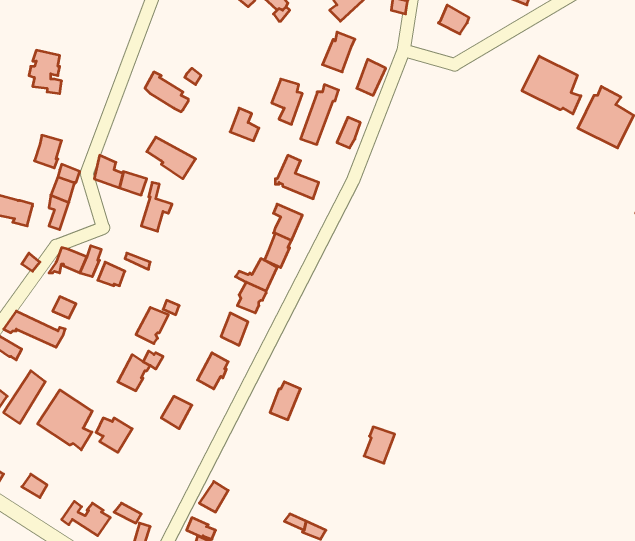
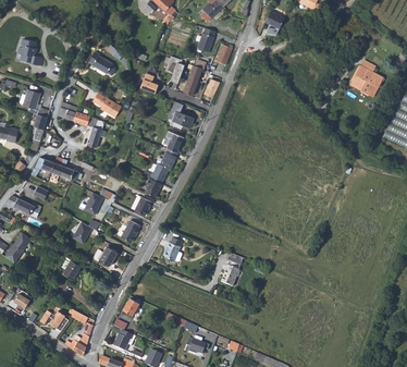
building: [522,56,581,114] -> none
building: [38,390,92,450] -> none

